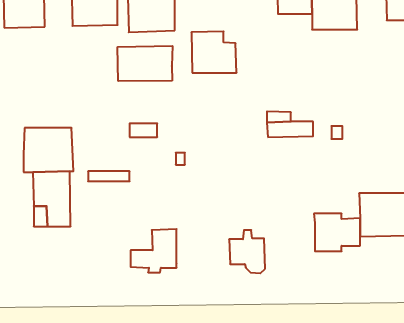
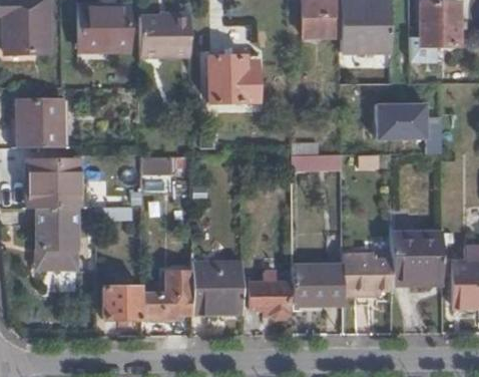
building: [118,46,172,81] -> none
building: none -> [18,102,62,148]
building: none -> [374,102,427,138]
building: none -> [193,262,244,314]
building: none -> [294,265,344,306]
building: none -> [104,288,143,319]

